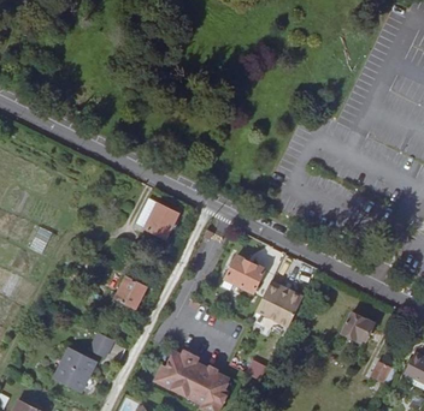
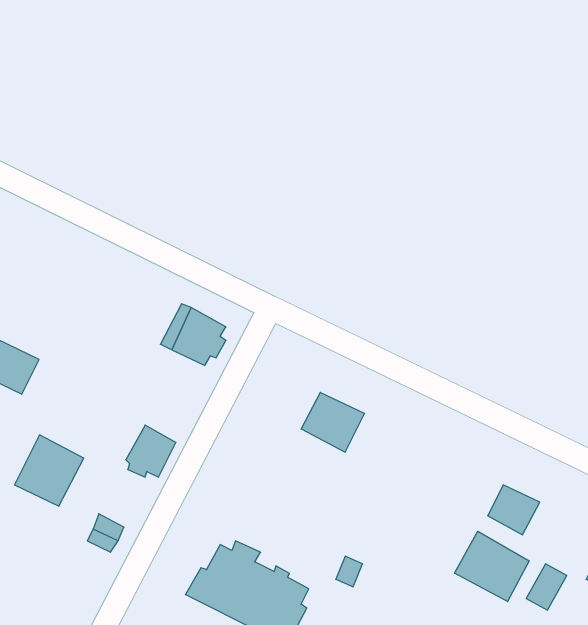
building: [255,284,304,329] -> none
building: none -> [455,531,529,602]
building: [54,347,98,392] -> [14,435,84,506]

